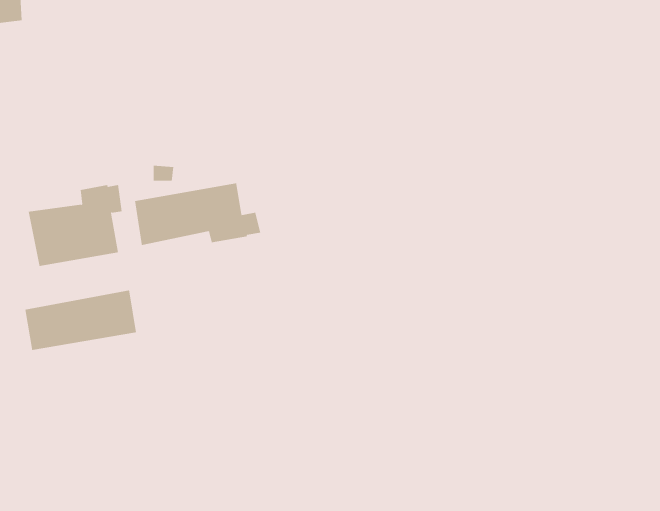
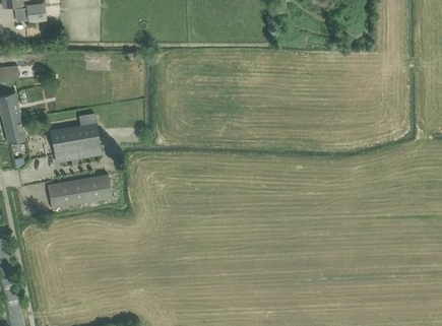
building: [135,182,261,246] -> none

